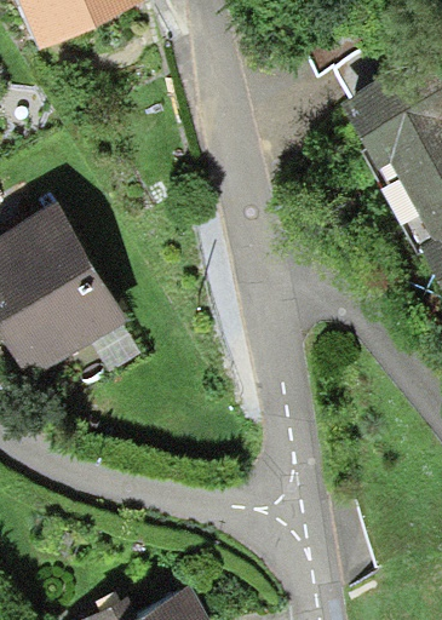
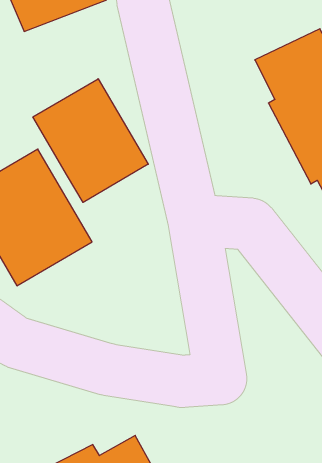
building: none -> [33,79,148,202]

